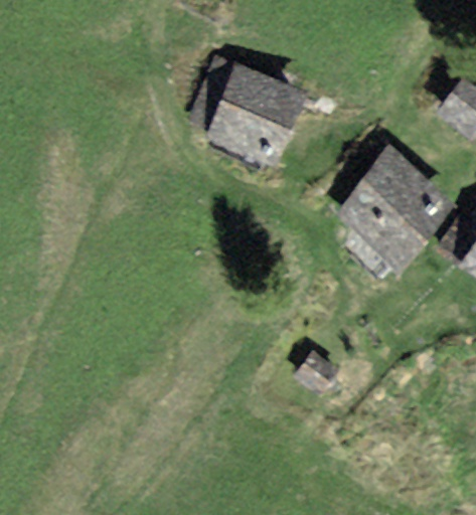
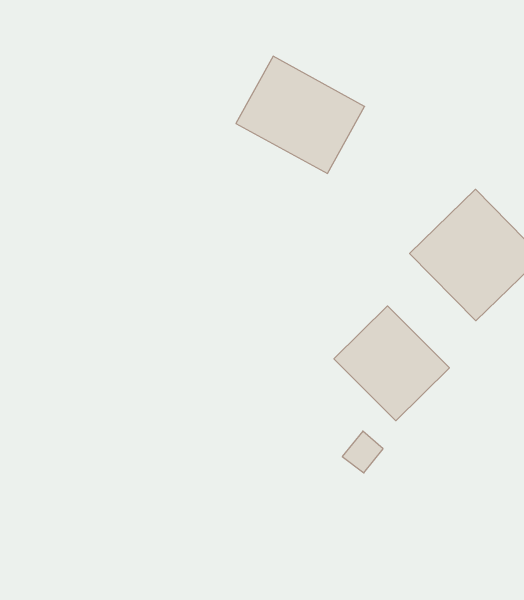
building: none -> [334,306,449,421]

